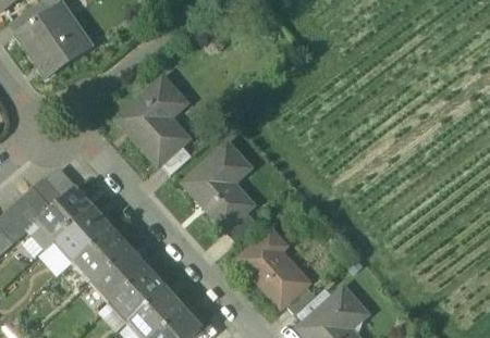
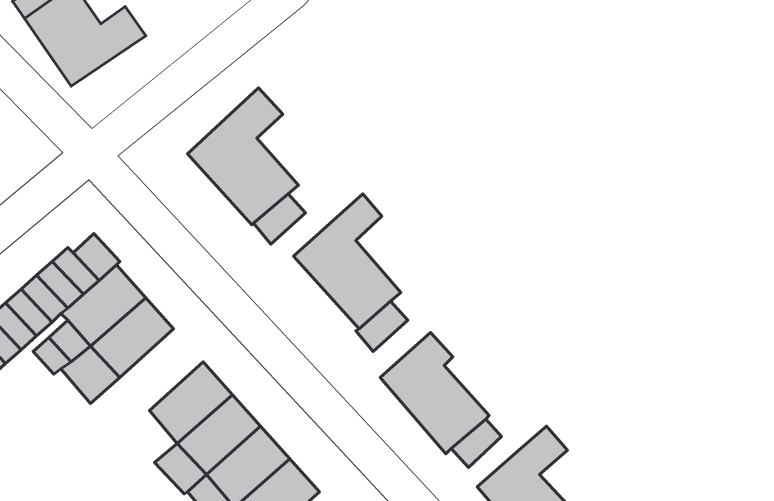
building: [76,227,128,278] -> none

